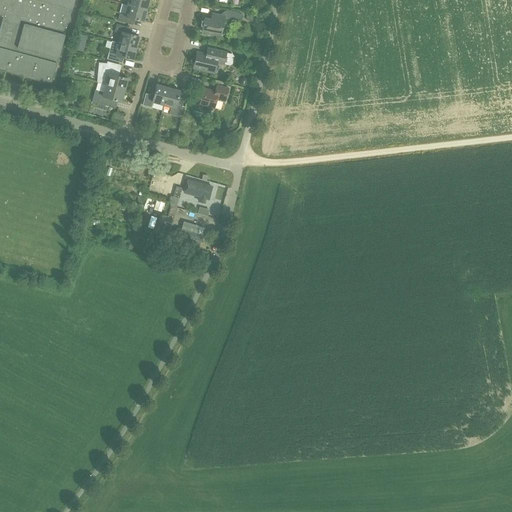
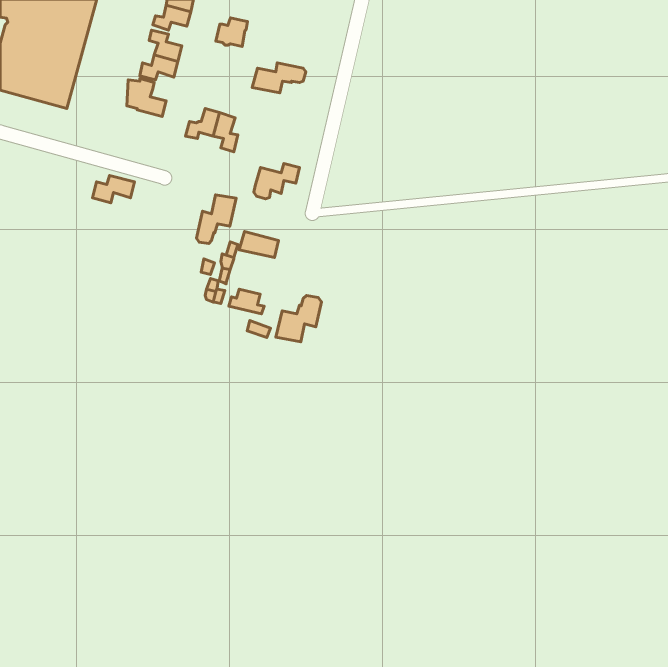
building: [201,12,225,34] -> [216,18,247,46]
building: [92,84,124,105] -> [93,175,134,203]
building: [193,84,228,111] -> [254,164,300,199]
building: none -> [196,195,236,244]
building: none -> [276,296,322,342]

